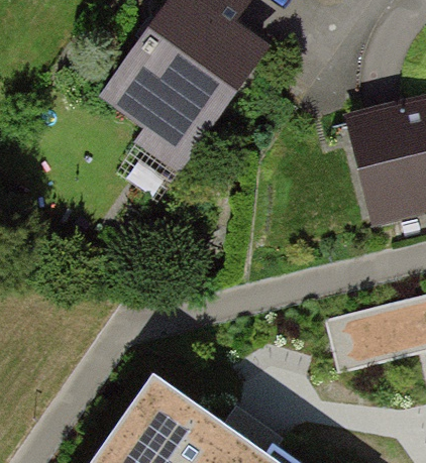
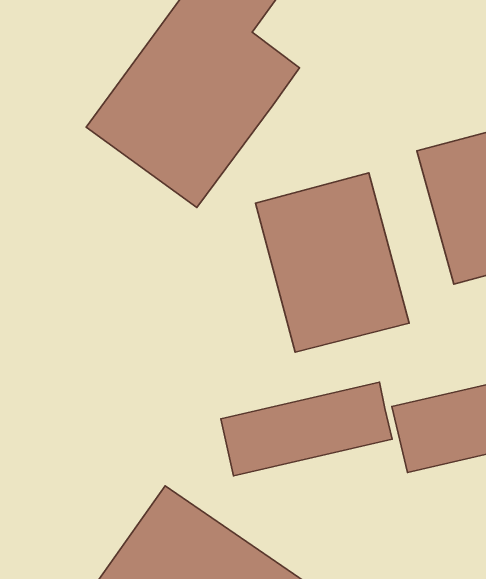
building: none -> [255,173,409,352]
building: none -> [221,382,392,476]

